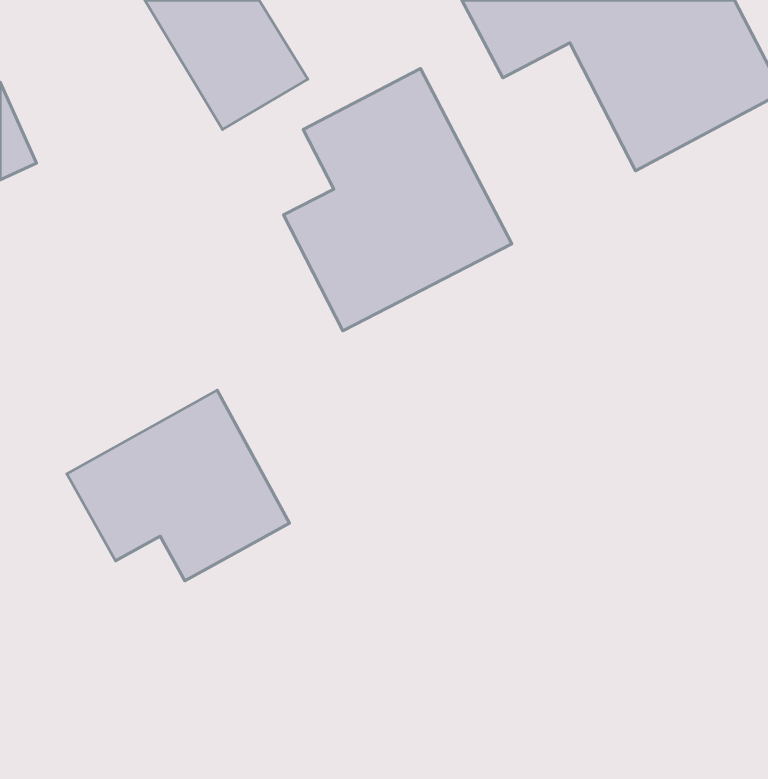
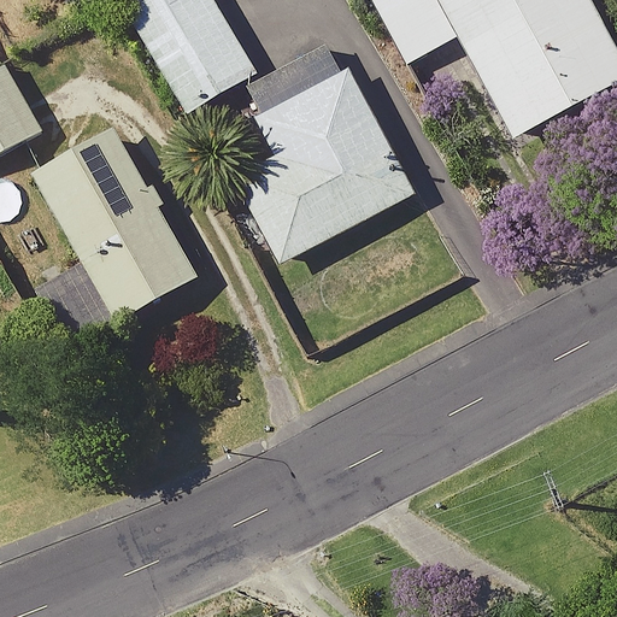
building: none -> [22,112,199,348]
building: [67,390,290,581] -> none

